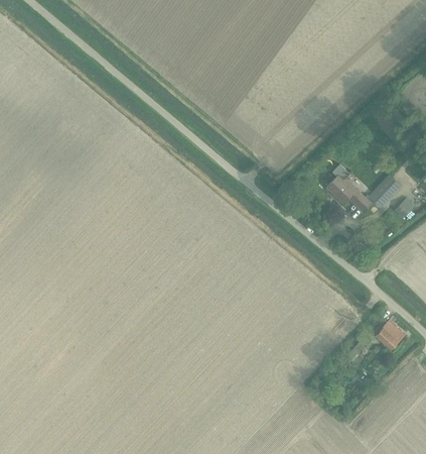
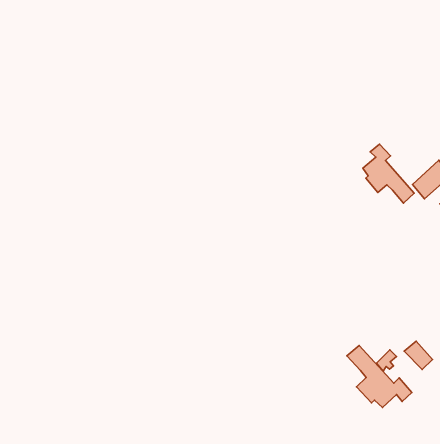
building: none -> [347,345,412,408]

